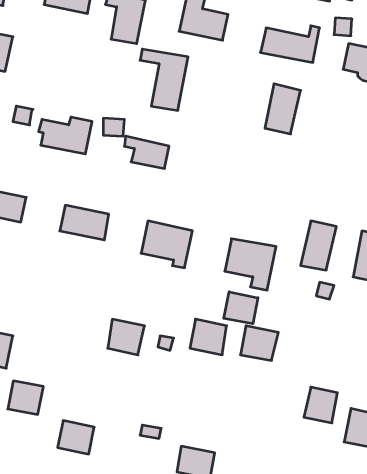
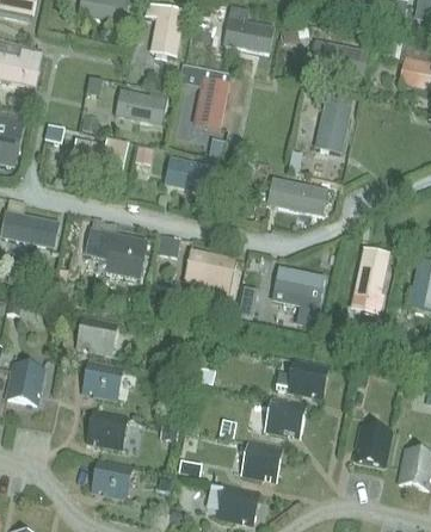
building: none -> [113,88,167,125]
building: none -> [255,178,313,210]
building: none -> [75,316,116,351]
building: [224,292,258,324] -> none
building: [190,319,227,355] -> [265,397,304,435]
building: [108,319,145,355] -> [82,358,122,396]
building: [8,381,43,414] -> [86,409,124,445]
building: none -> [241,440,282,478]

